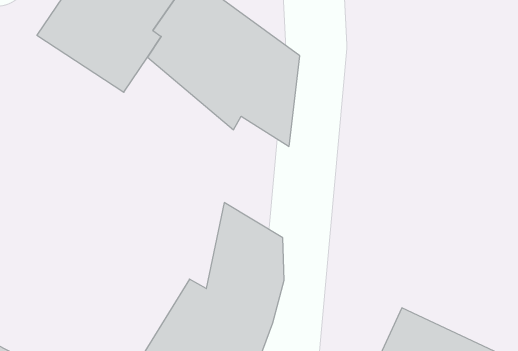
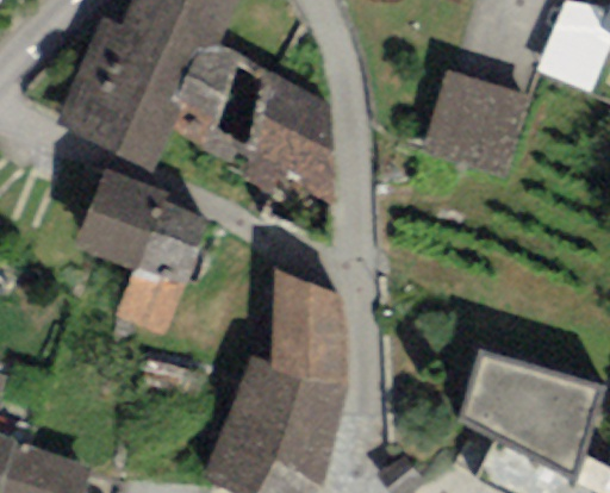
building: none -> [422,68,529,176]
building: none -> [75,168,211,335]

